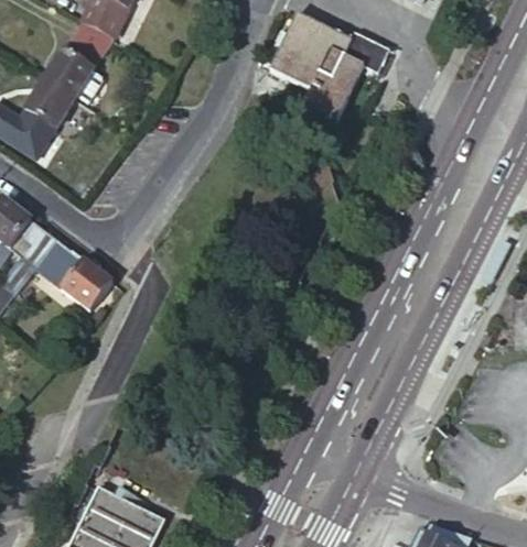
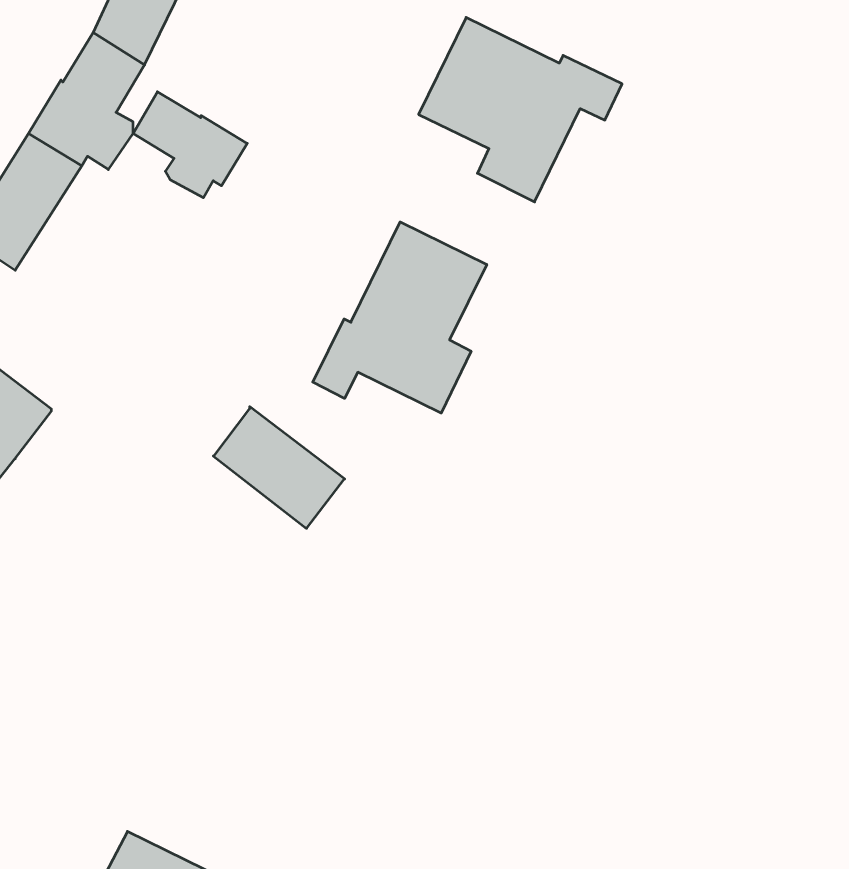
building: none -> [133,92,247,198]
building: none -> [313,222,487,413]
building: [35,240,111,310] -> [213,407,345,528]

